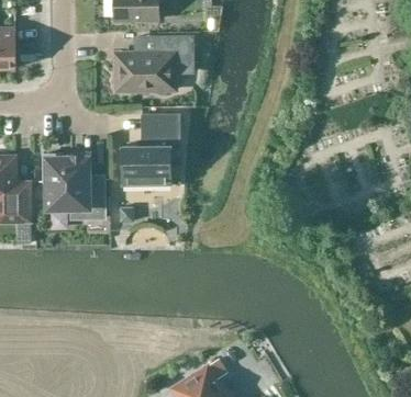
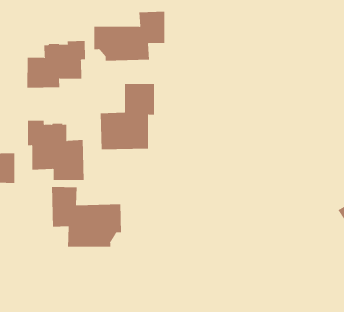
building: none -> [27,40,86,89]
building: none -> [52,186,121,248]

